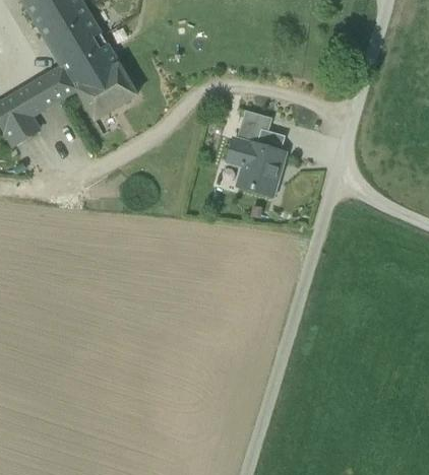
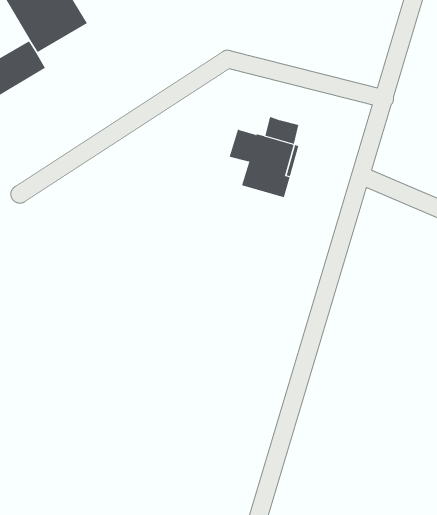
building: [69,51,136,119] -> none
building: [236,109,272,143] -> none

